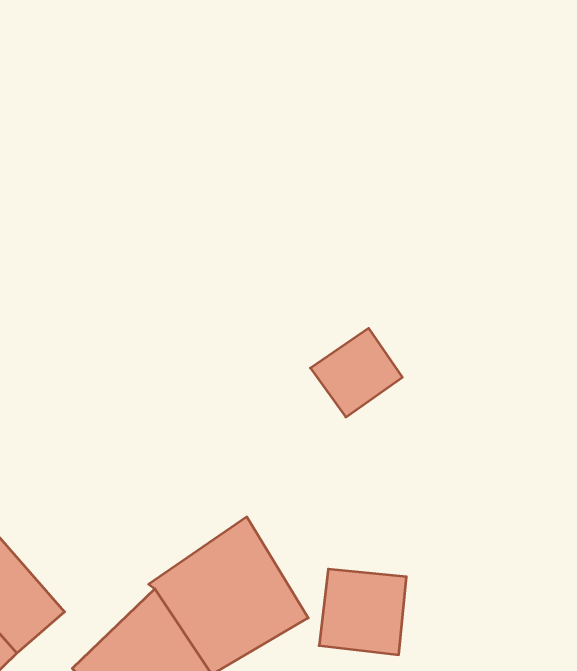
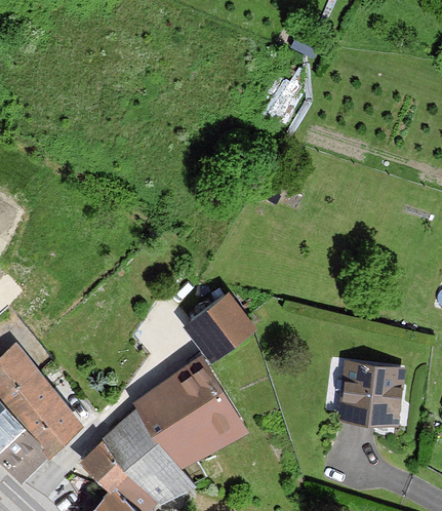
building: [310,328,402,417] -> [189,296,250,355]
building: [319,569,406,655] -> [341,362,400,420]

